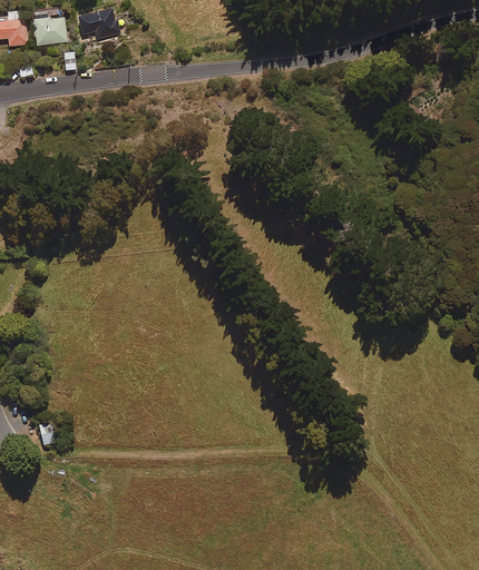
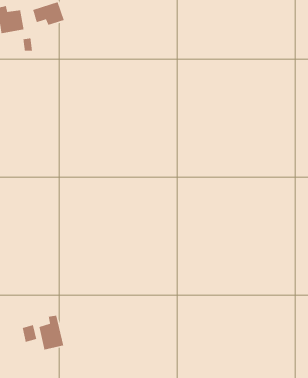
building: none -> [38,315,64,351]

